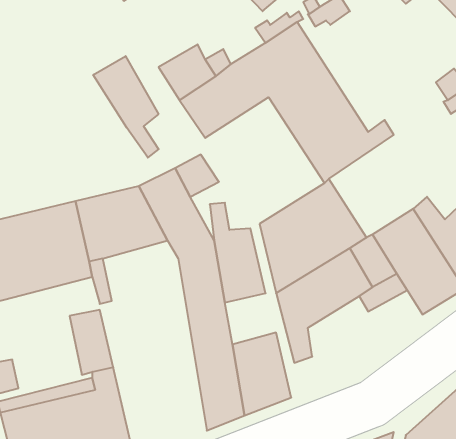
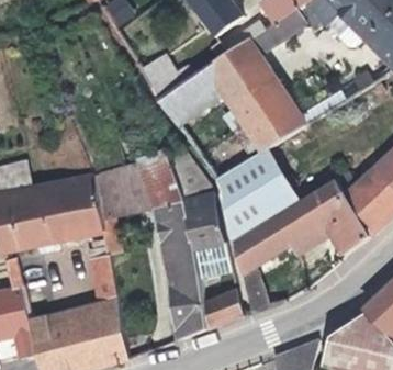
building: [93,56,159,158] -> none
building: none -> [193,239,231,277]

